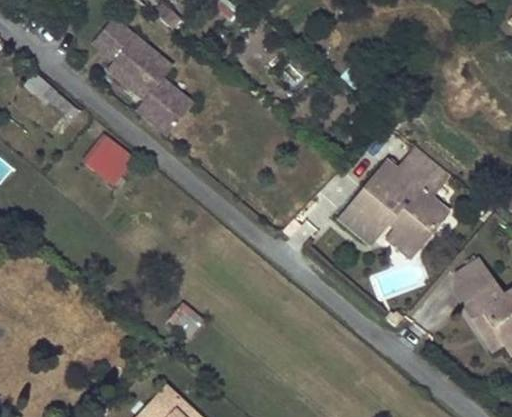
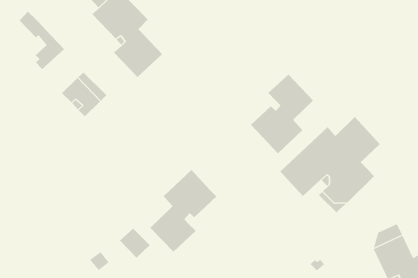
building: none -> [250,74,314,154]
building: none -> [149,169,217,253]

